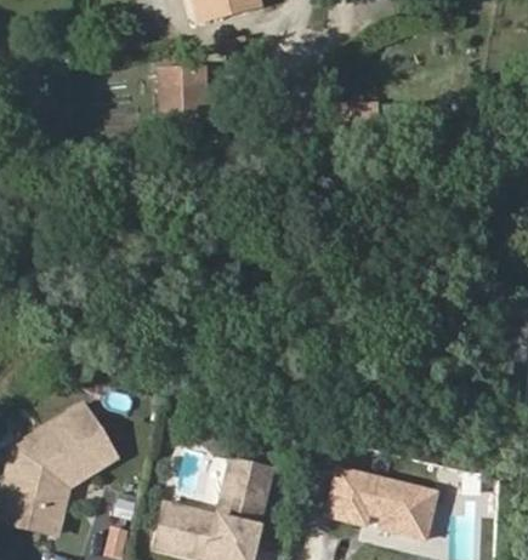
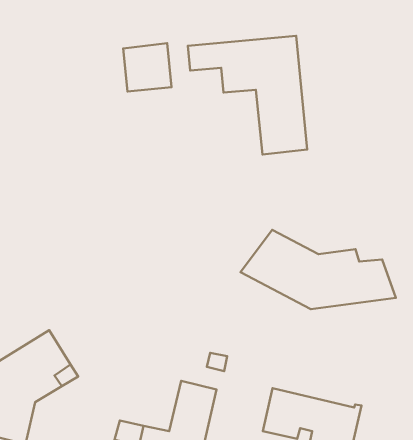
building: none -> [188,36,307,154]
building: none -> [240,230,396,309]

